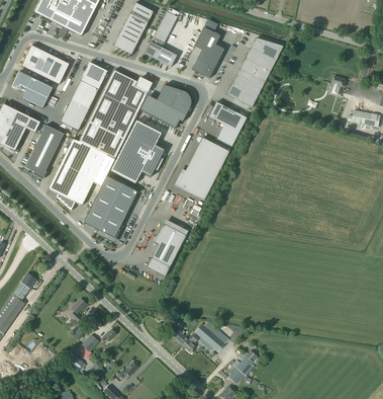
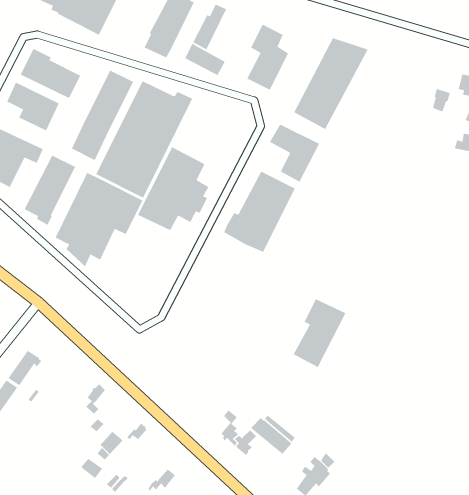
building: [139,85,190,129] -> none
building: [83,176,137,241] -> none
building: [146,224,186,276] -> [293,298,347,368]

